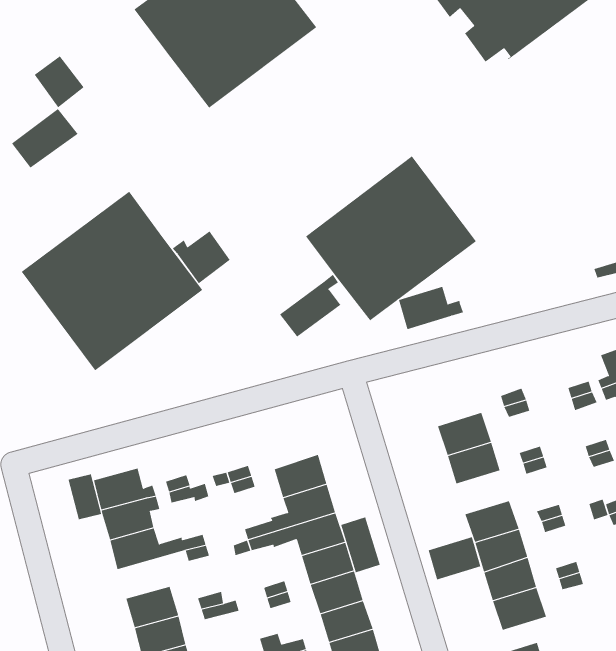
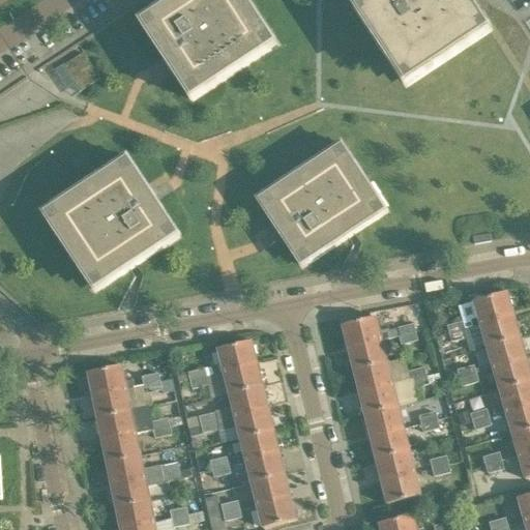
building: [11,108,78,168] -> none
building: [172,230,230,284] -> none
building: [279,274,341,337] -> none
building: [398,286,464,330] -> [341,314,389,345]
building: none -> [215,337,256,370]
building: [68,474,102,520] -> none
building: [340,516,381,573] -> none
building: [428,537,481,580] -> [357,381,396,412]
building: none -> [99,431,139,460]

